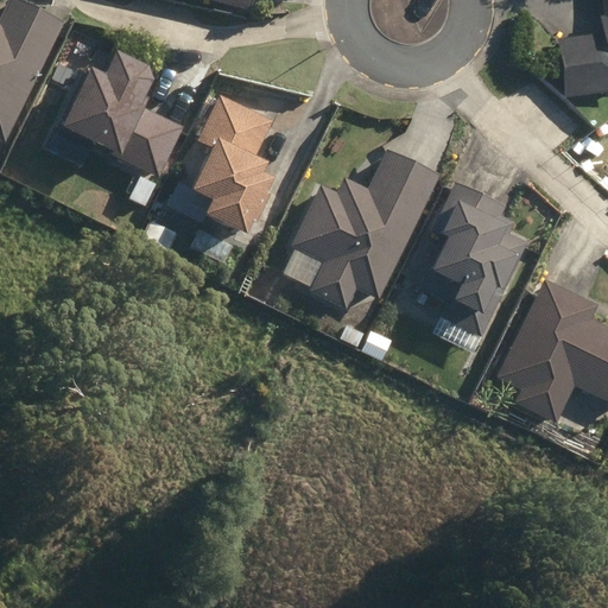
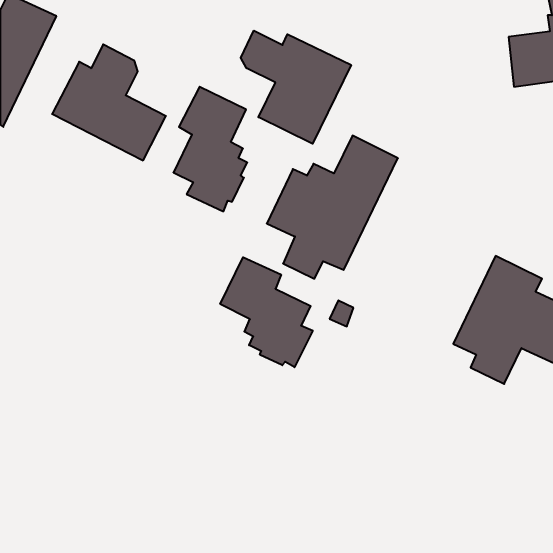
building: none -> [241,31,351,144]
building: [420,183,525,336] -> none
building: none -> [220,257,313,367]

